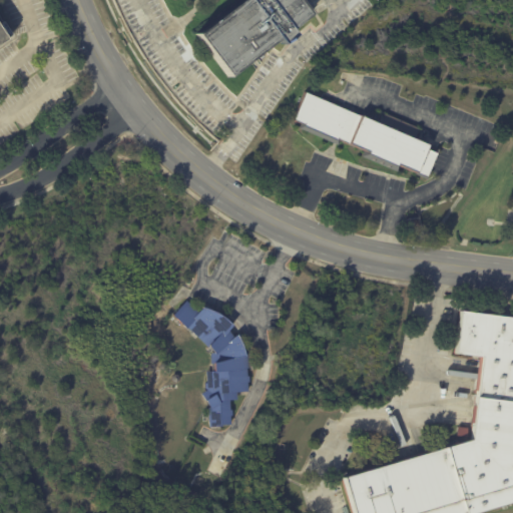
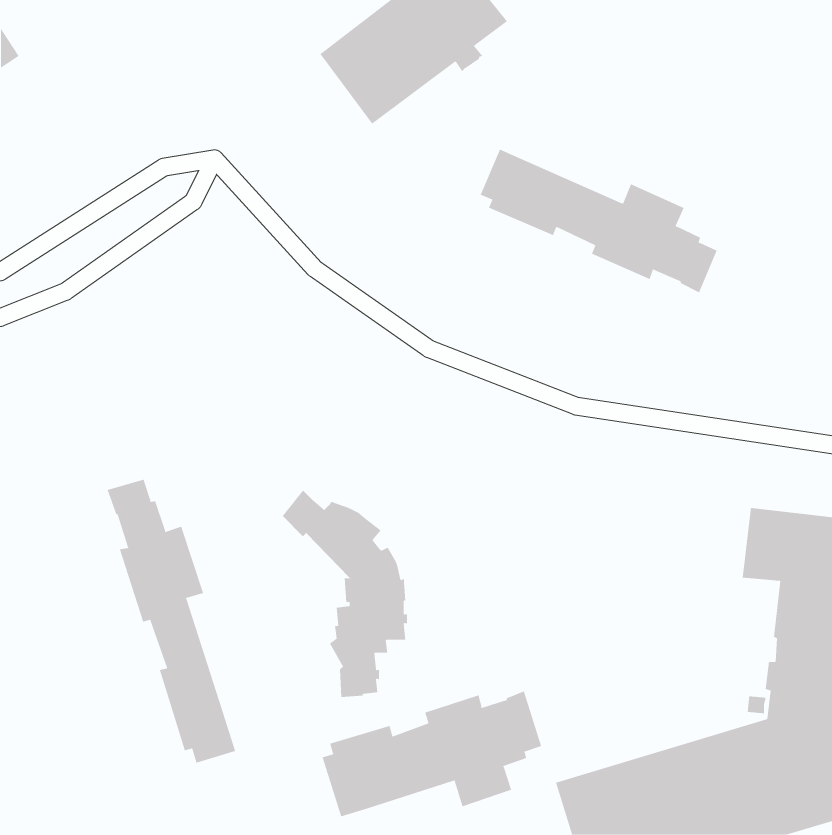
building: none -> [107,479,236,763]
building: none -> [322,690,542,817]

